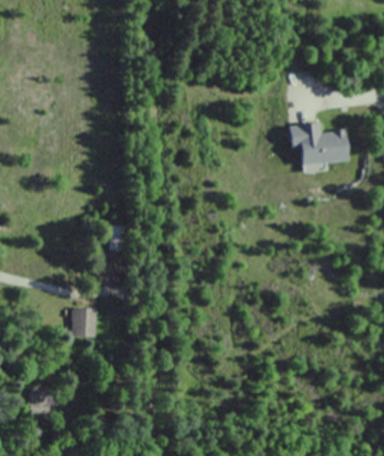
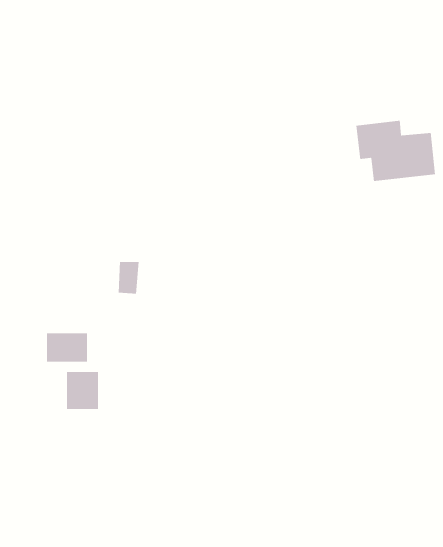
building: none -> [47,333,87,363]
building: [31,390,53,414] -> none

